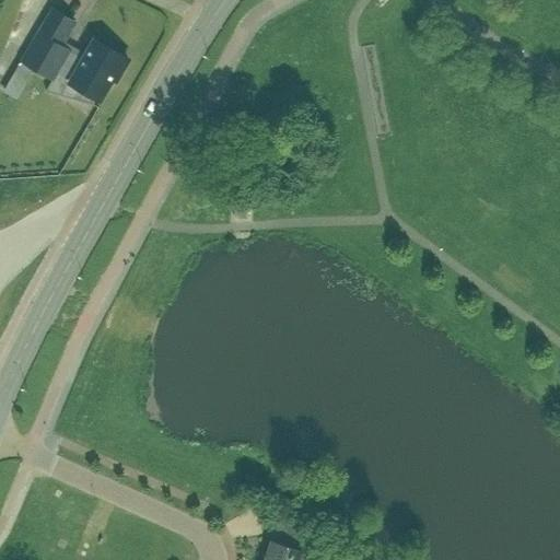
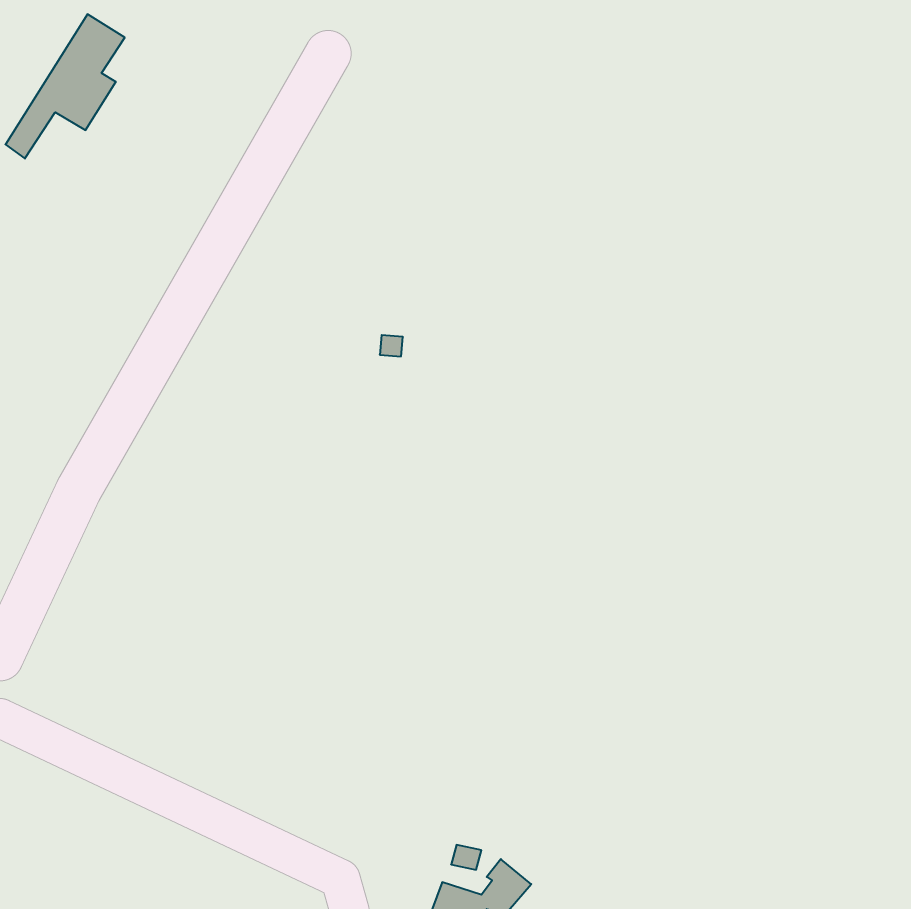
building: [66,43,126,100] -> none

